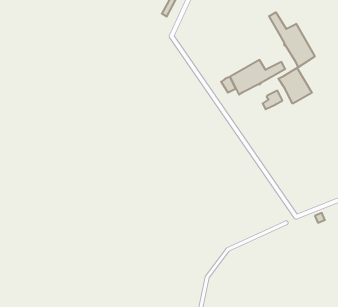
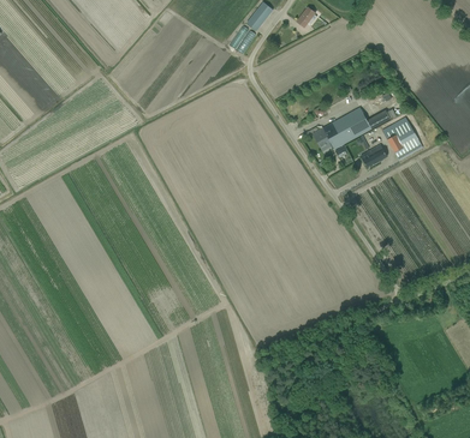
building: [269,12,315,67] -> none

